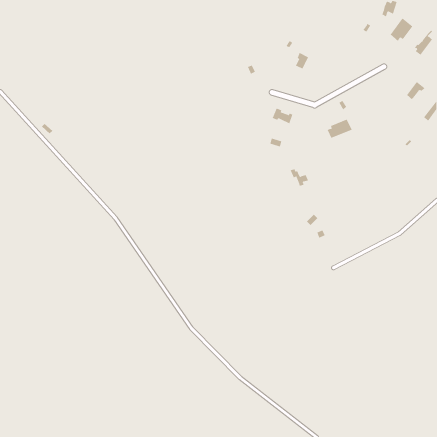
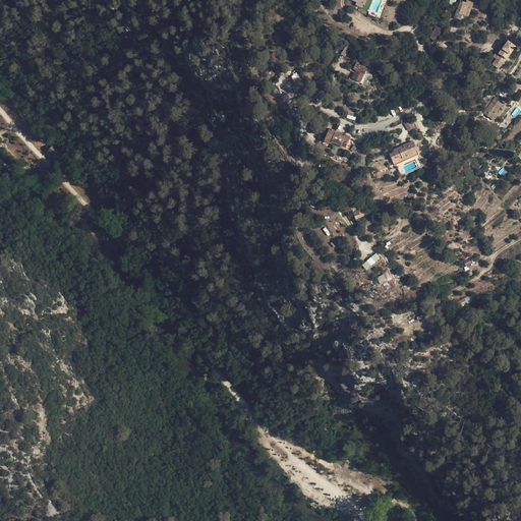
building: [390,18,413,42] -> none

